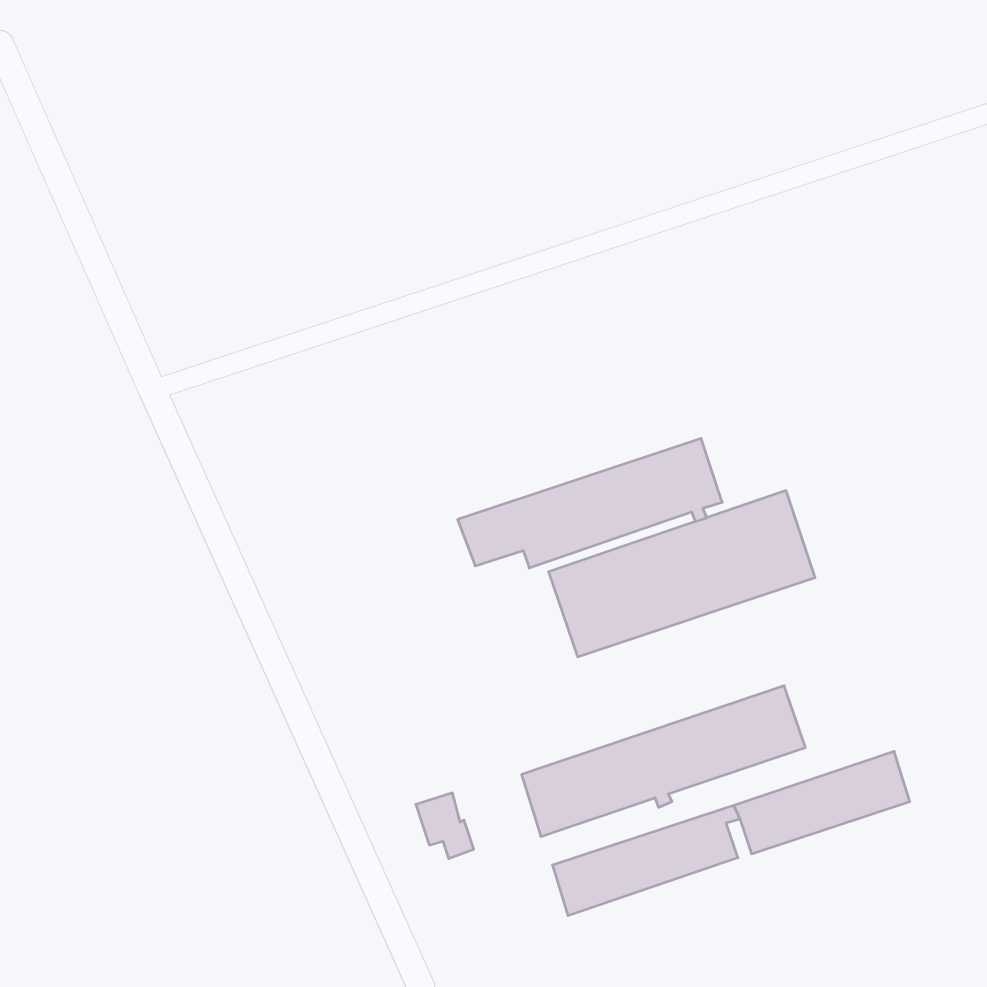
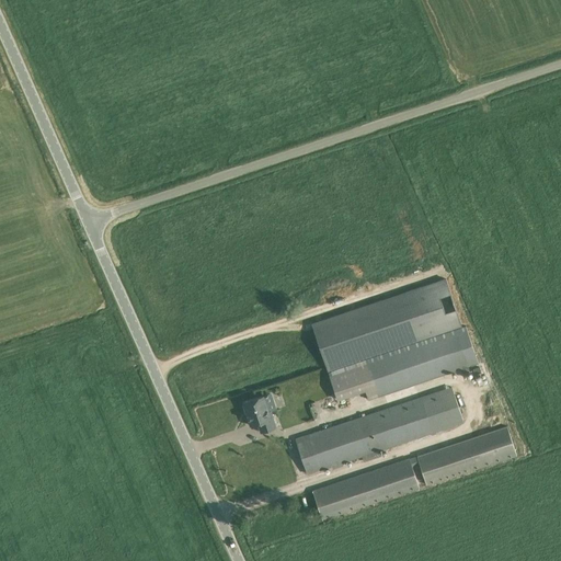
building: [458,438,722,568] -> [328,327,478,400]
building: [416,793,474,859] -> [242,396,275,433]

